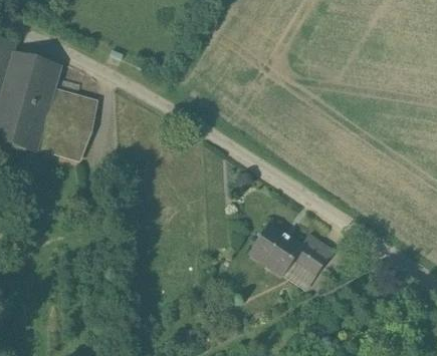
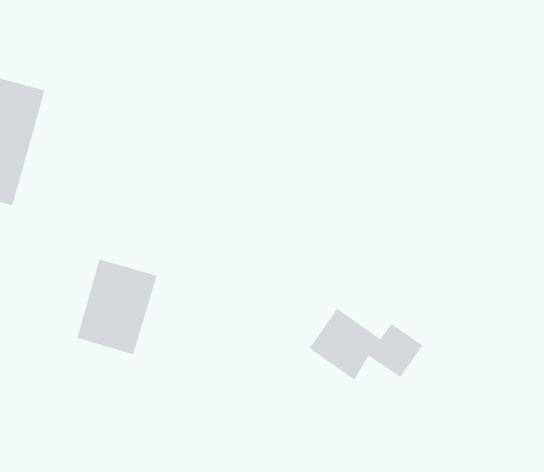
building: [37,88,95,157] -> [77,259,157,355]

